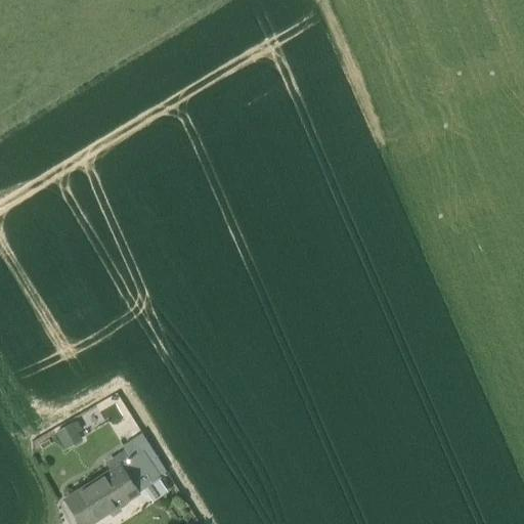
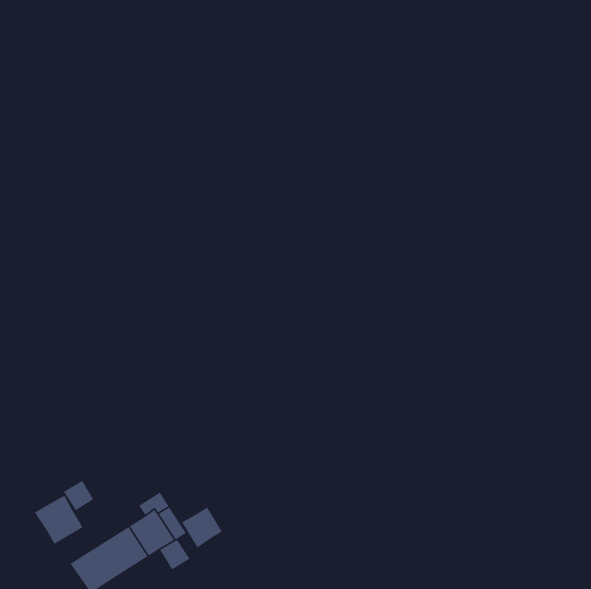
building: none -> [34,495,84,545]
building: none -> [181,506,223,549]

